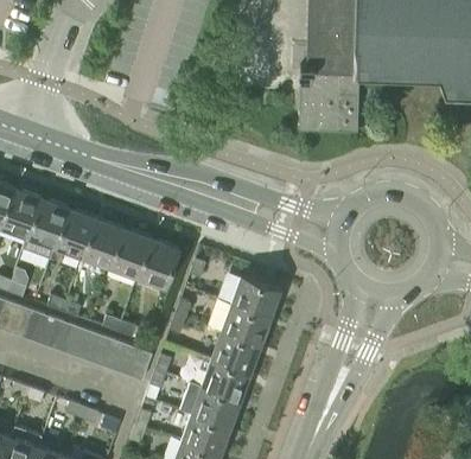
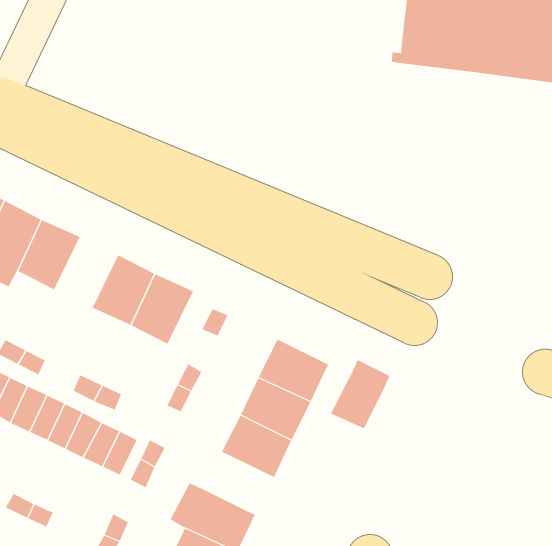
building: [298,74,359,132] -> none
building: [82,218,123,267] -> none
building: none -> [330,359,390,429]
building: [199,356,249,400] -> none

